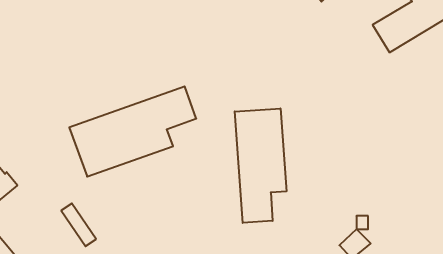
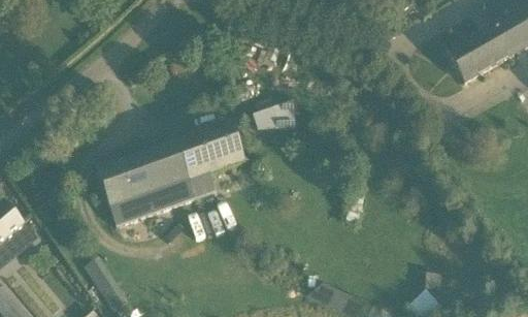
building: none -> [252,97,295,128]
building: [235,108,286,223] -> none

